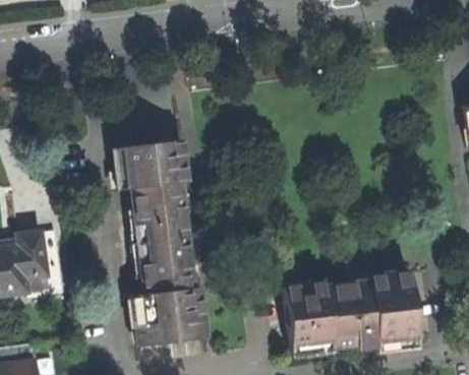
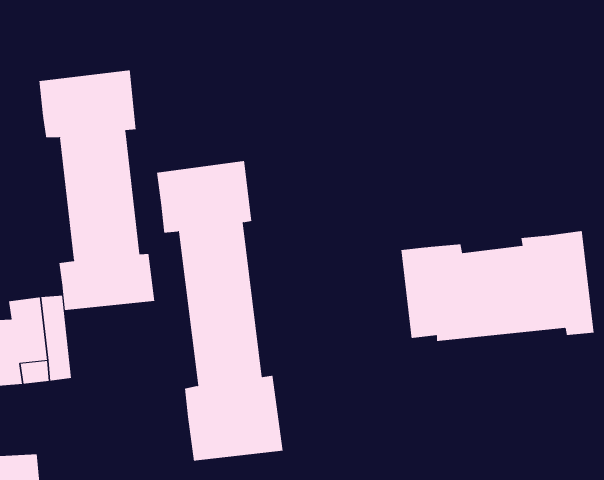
building: none -> [39,69,155,311]
building: [283,274,416,351] -> [400,231,594,342]

